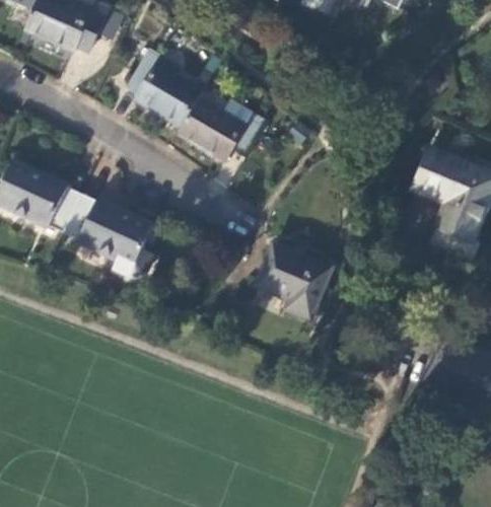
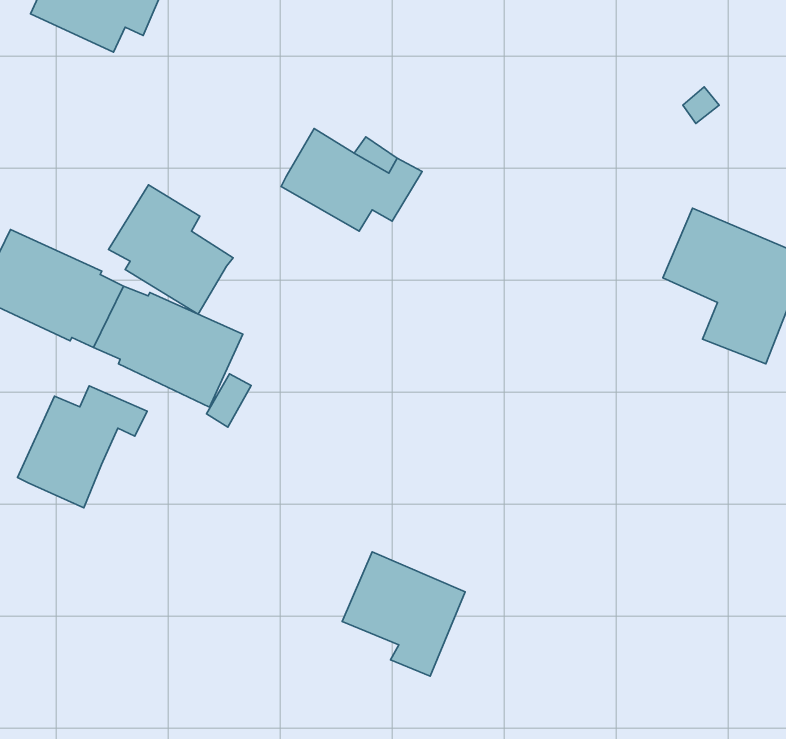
building: [126,49,202,128] -> [109,185,233,314]
building: [257,243,332,319] -> [342,552,465,676]
building: none -> [17,386,147,508]

